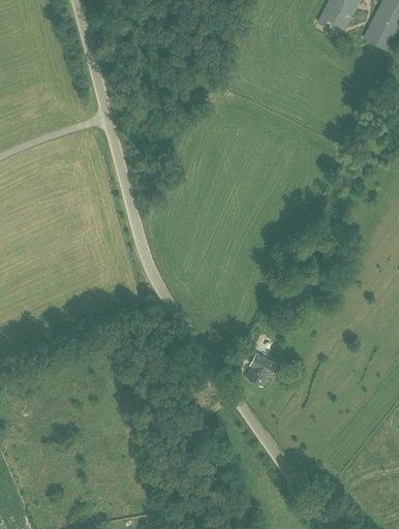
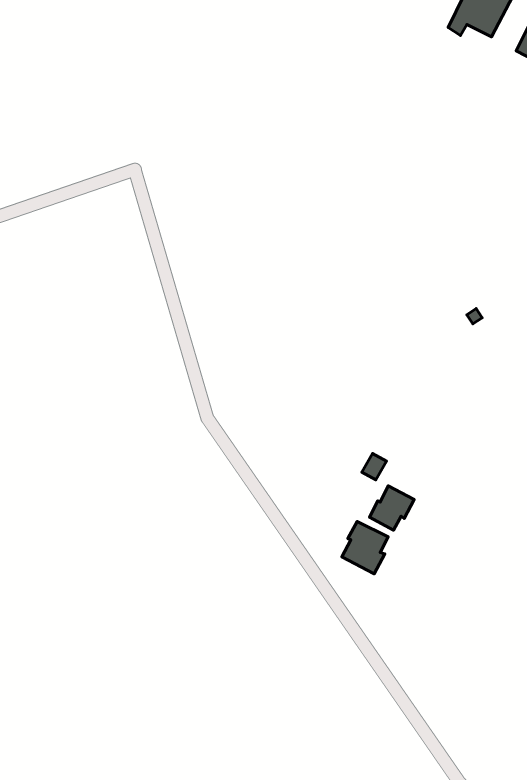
building: none -> [370,486,414,530]

